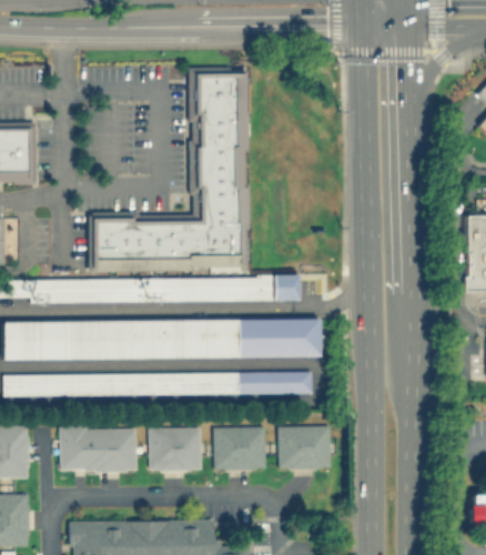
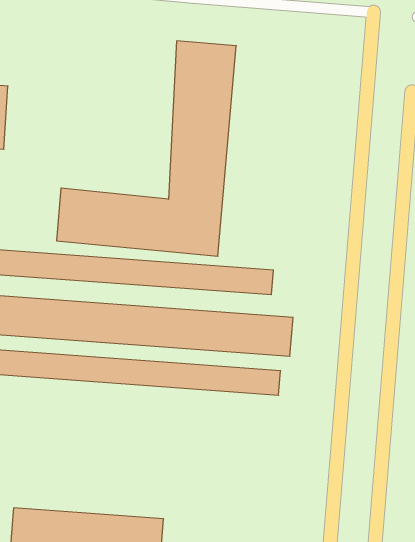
building: [276,424,331,468] -> none
building: [60,425,136,472] -> none
building: [213,425,265,470] -> none
building: [149,427,201,471] -> none

